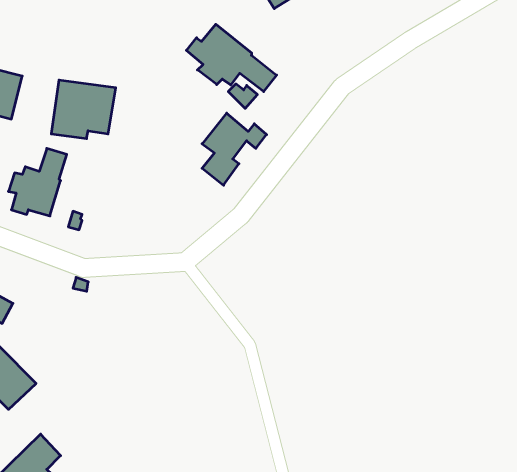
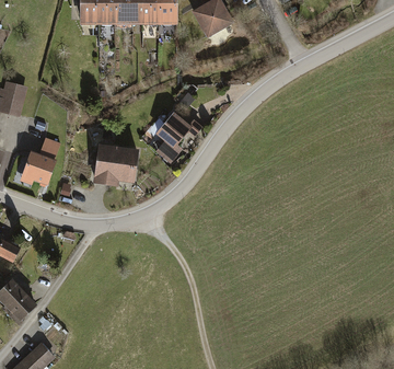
building: [186,24,277,92] -> none
building: [51,80,116,139] -> [92,145,138,186]

